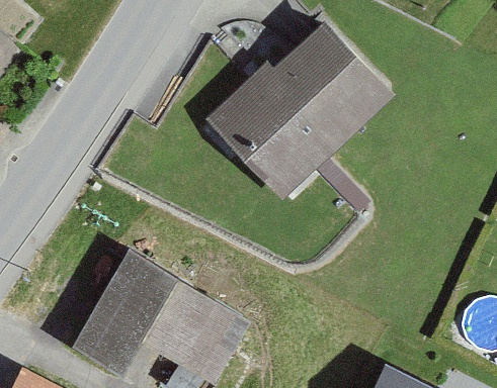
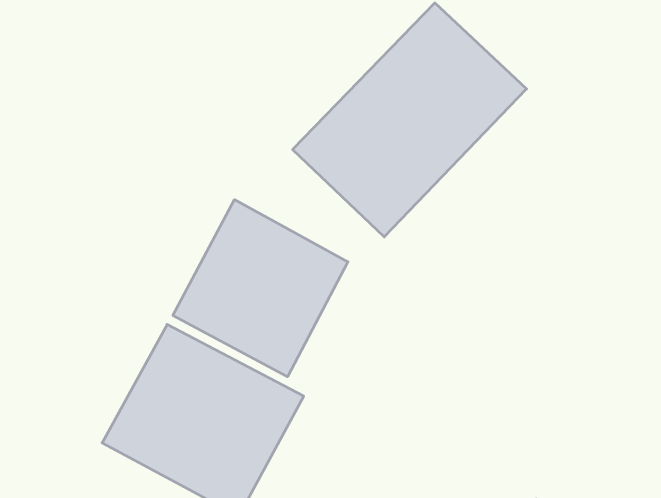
building: none -> [173,200,348,377]

